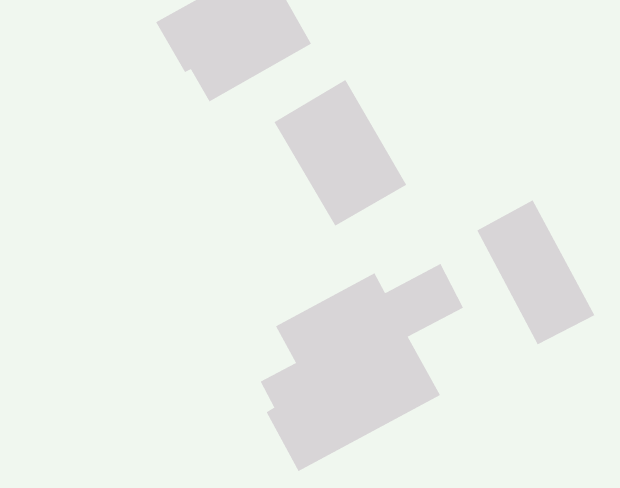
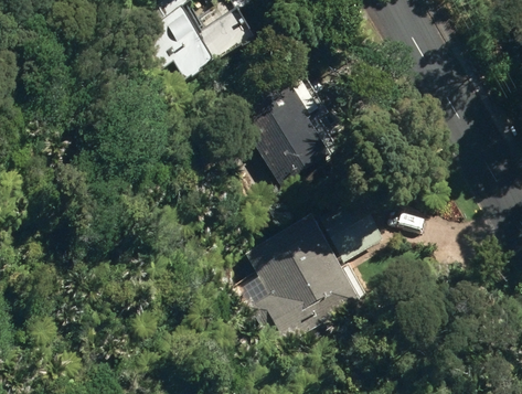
building: [476,200,595,345] -> none

